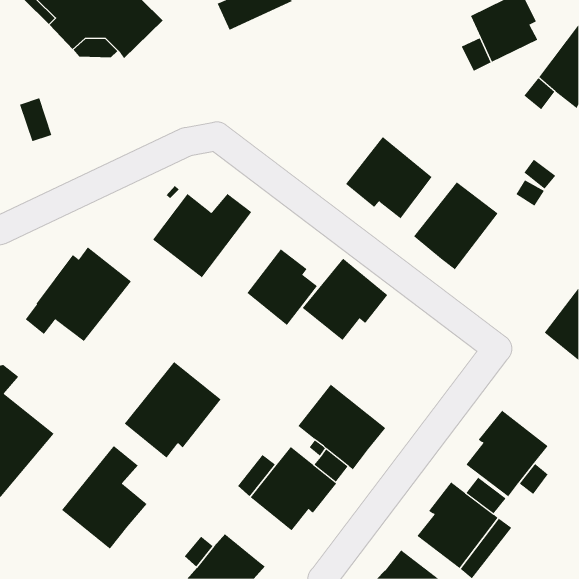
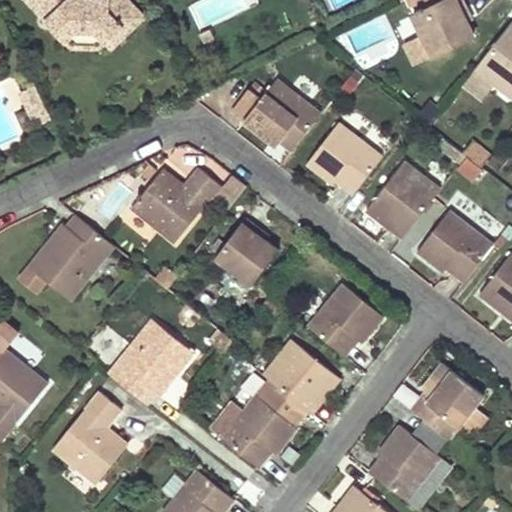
building: none -> [229,77,319,150]
building: none -> [417,210,492,281]
building: [302,258,388,341] -> [307,282,383,355]

